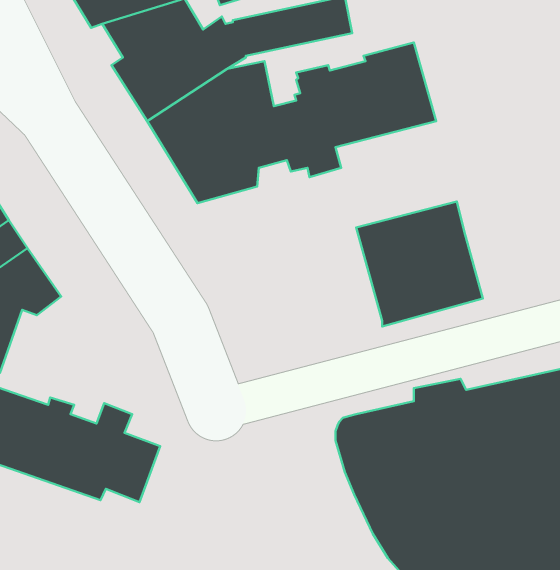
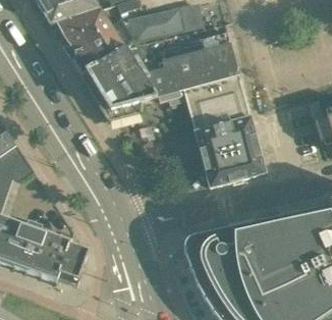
building: none -> [184,74,251,132]

